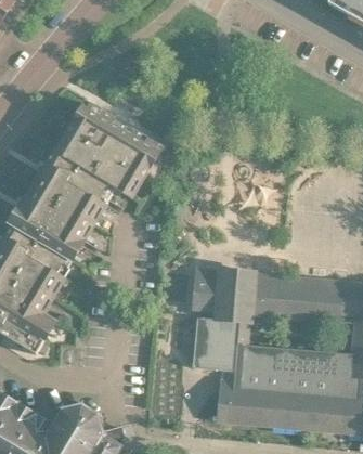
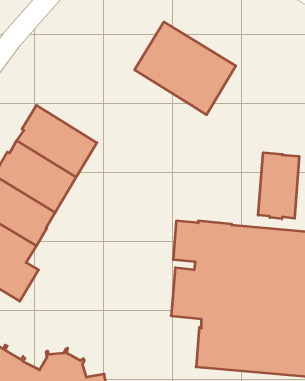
building: [53,102,158,198] -> [135,22,236,115]
building: none -> [258,153,299,219]

